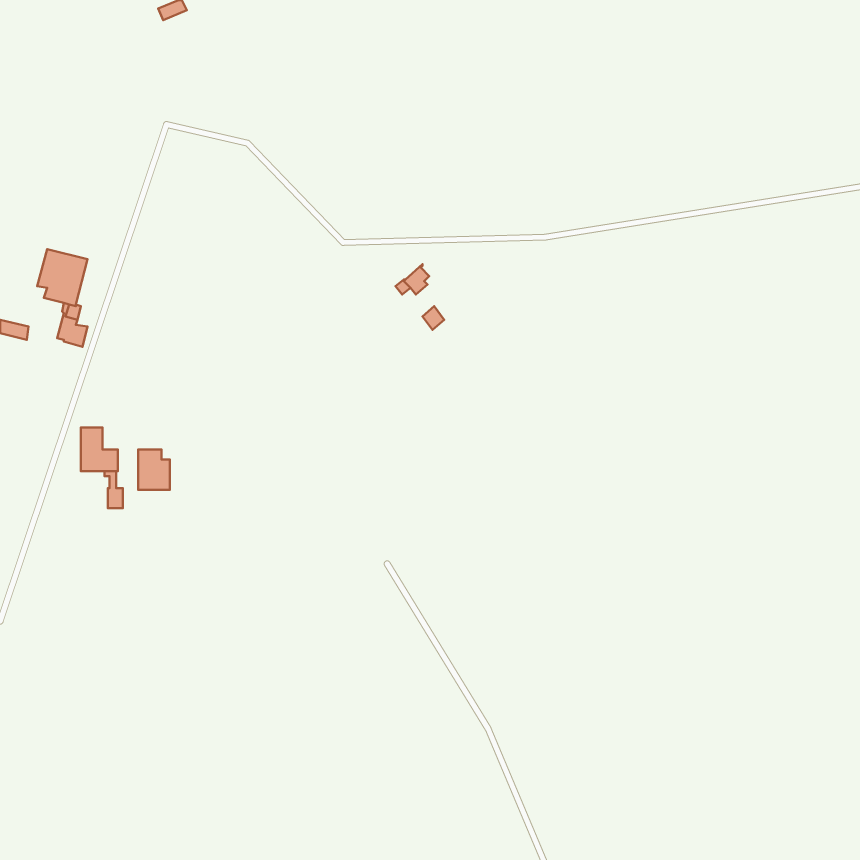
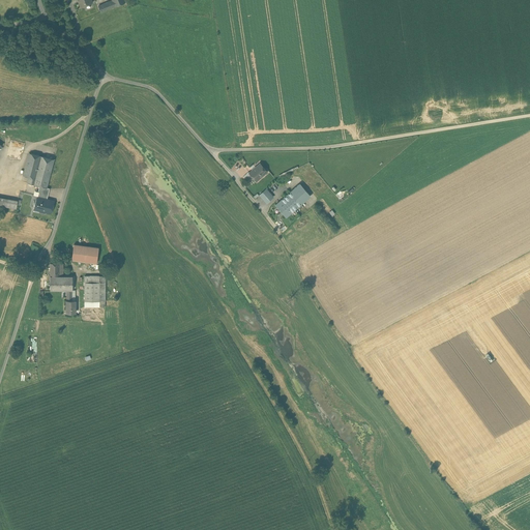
building: none -> [276,184,310,216]
building: none -> [71,244,98,263]

